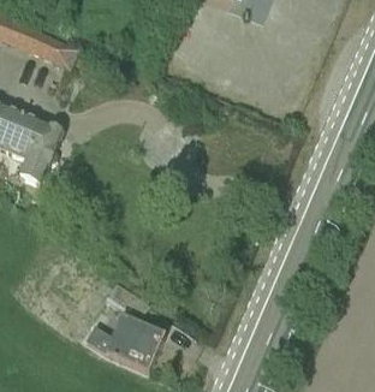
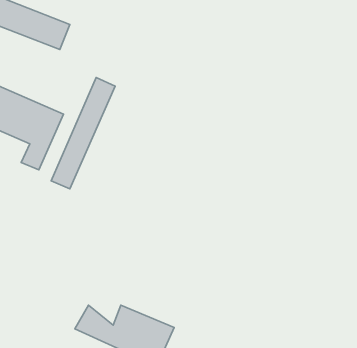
building: none -> [51,78,115,189]

